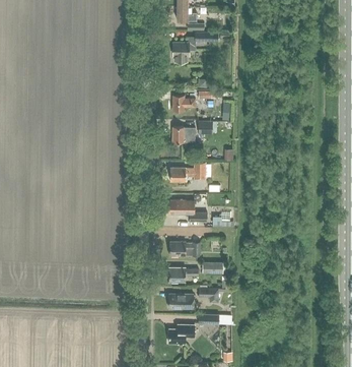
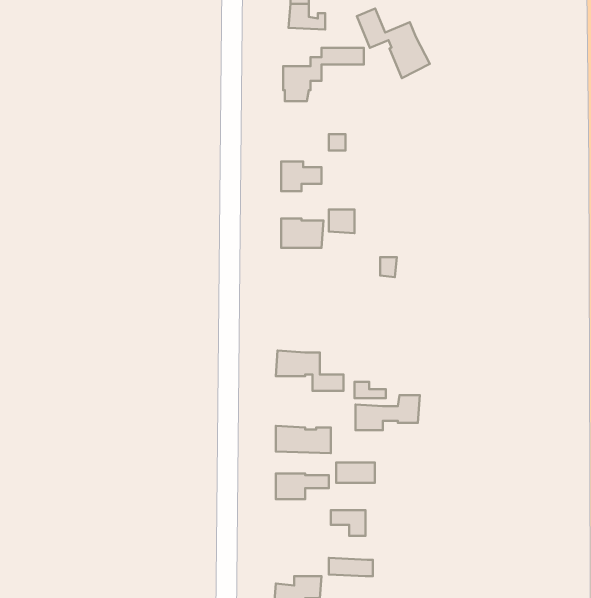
building: none -> [357,8,430,78]
building: [169,162,205,181] -> [355,395,420,430]
building: [167,294,193,308] -> none

